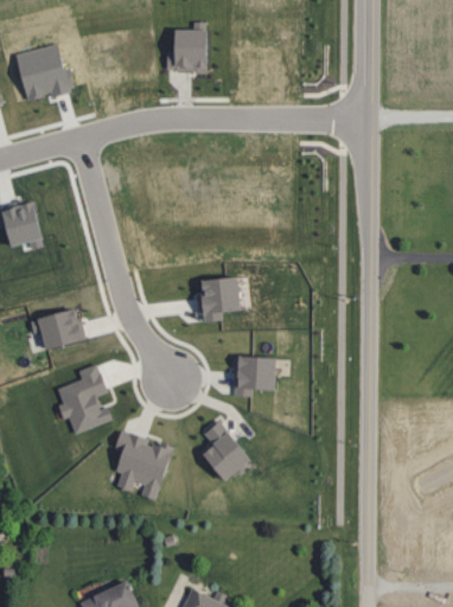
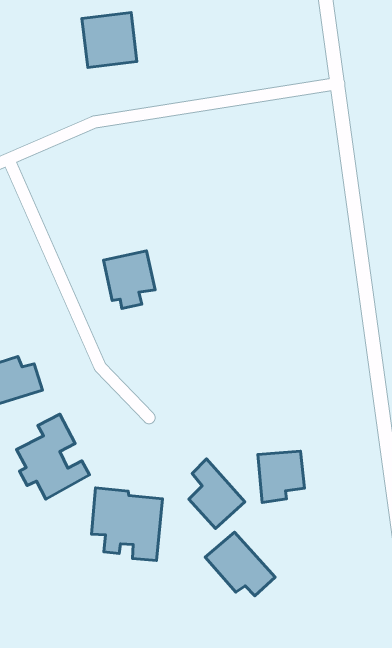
building: [196,276,236,322] -> [103,251,155,309]
building: [234,356,273,397] -> [258,451,304,503]
building: none -> [205,532,275,596]

